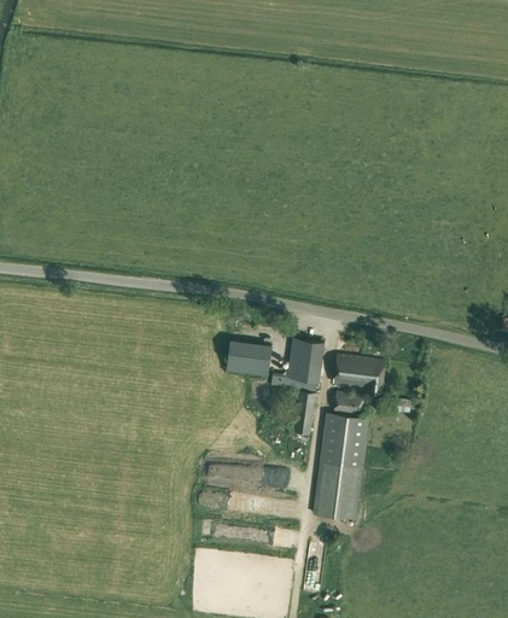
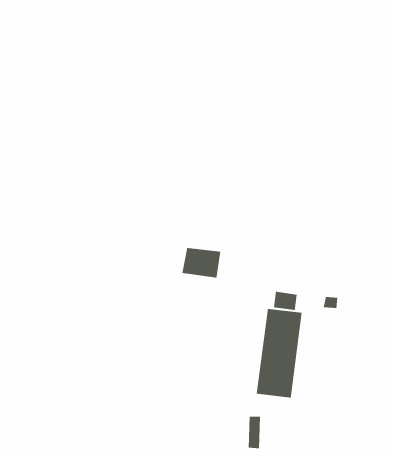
building: [271,338,322,435] -> none
building: [334,355,385,392] -> none

